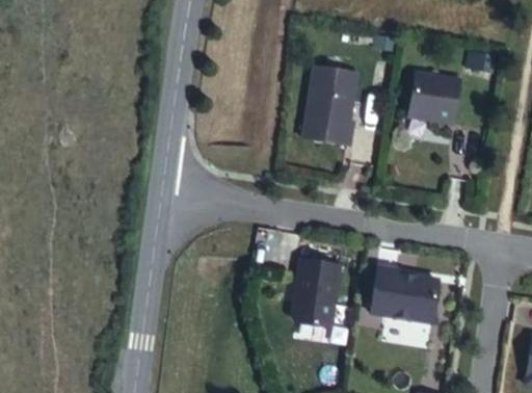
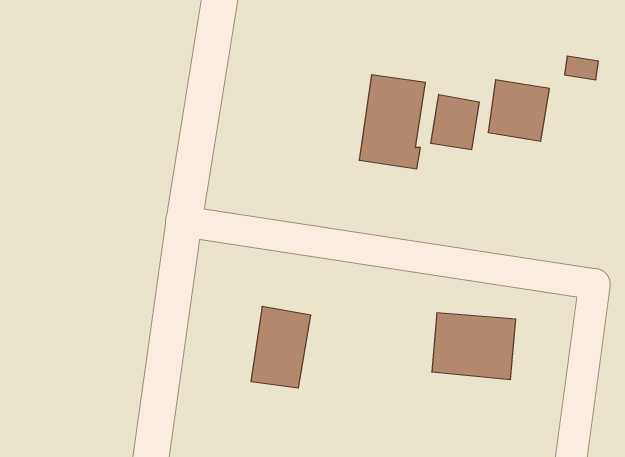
building: none -> [431,94,479,150]
building: [291,258,341,325] -> [251,306,311,388]

